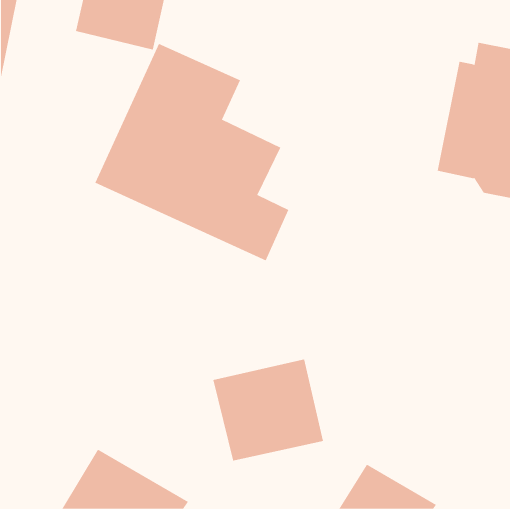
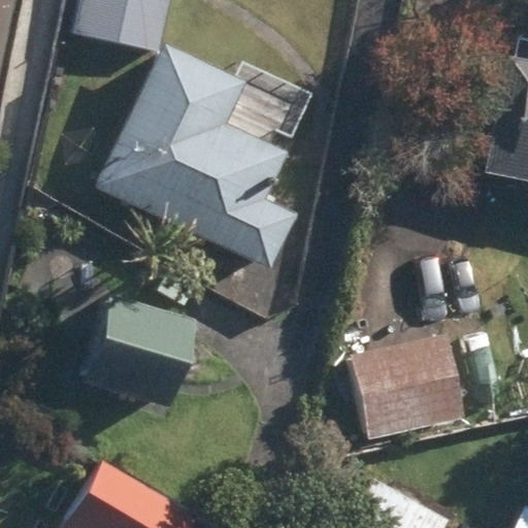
building: none -> [91,296,198,404]
building: [213,359,324,461] -> [334,335,449,440]

